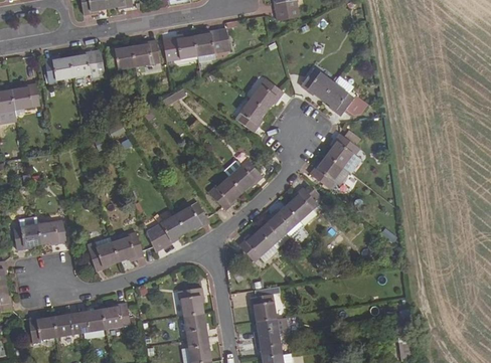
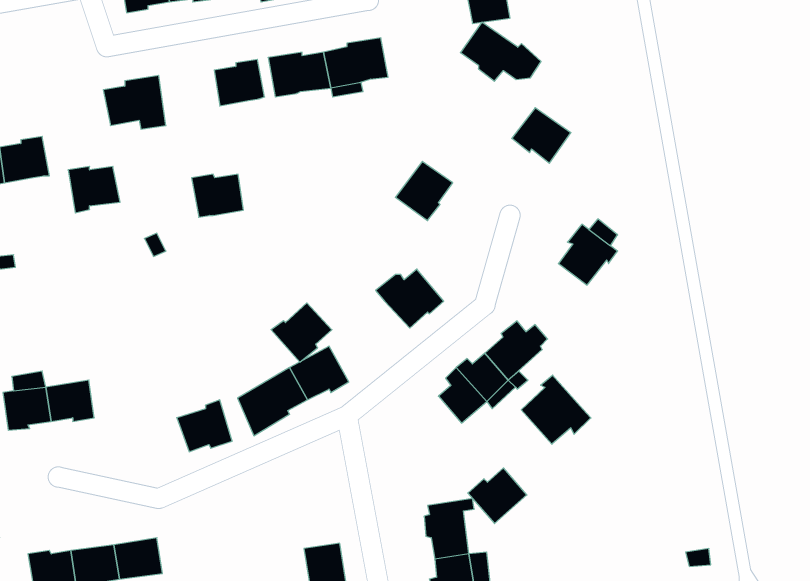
building: [107,46,136,70] -> [192,174,243,217]
building: [45,57,74,83] -> [68,166,120,213]
building: [250,78,283,110] -> none
building: [321,81,366,115] -> [460,22,541,81]
building: [310,155,342,188] -> none
building: [208,176,242,209] -> [271,303,332,362]
building: none -> [521,375,591,444]
building: [238,229,272,260] -> [468,468,527,524]
building: [87,236,119,270] -> none
building: [177,287,203,315] -> none
building: [101,303,130,329] -> none

